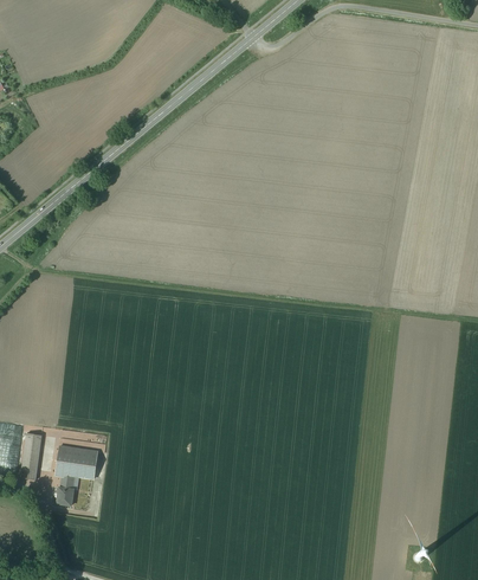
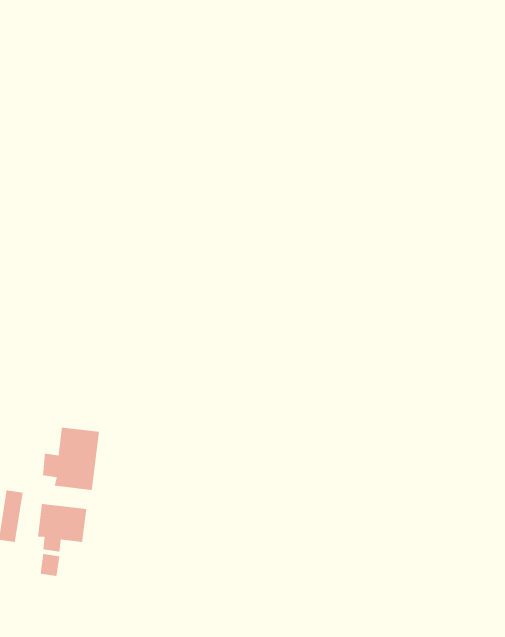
building: none -> [43,427,99,491]

